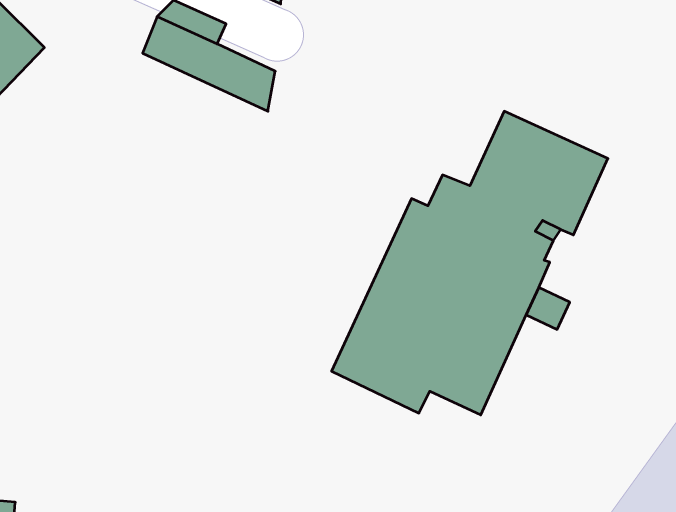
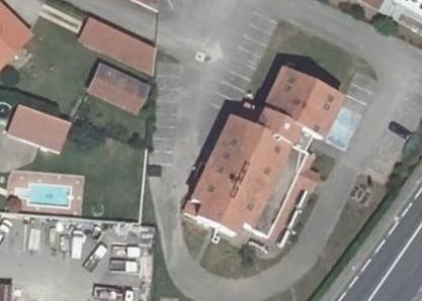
building: none -> [89,67,146,110]
building: none -> [9,104,68,149]

